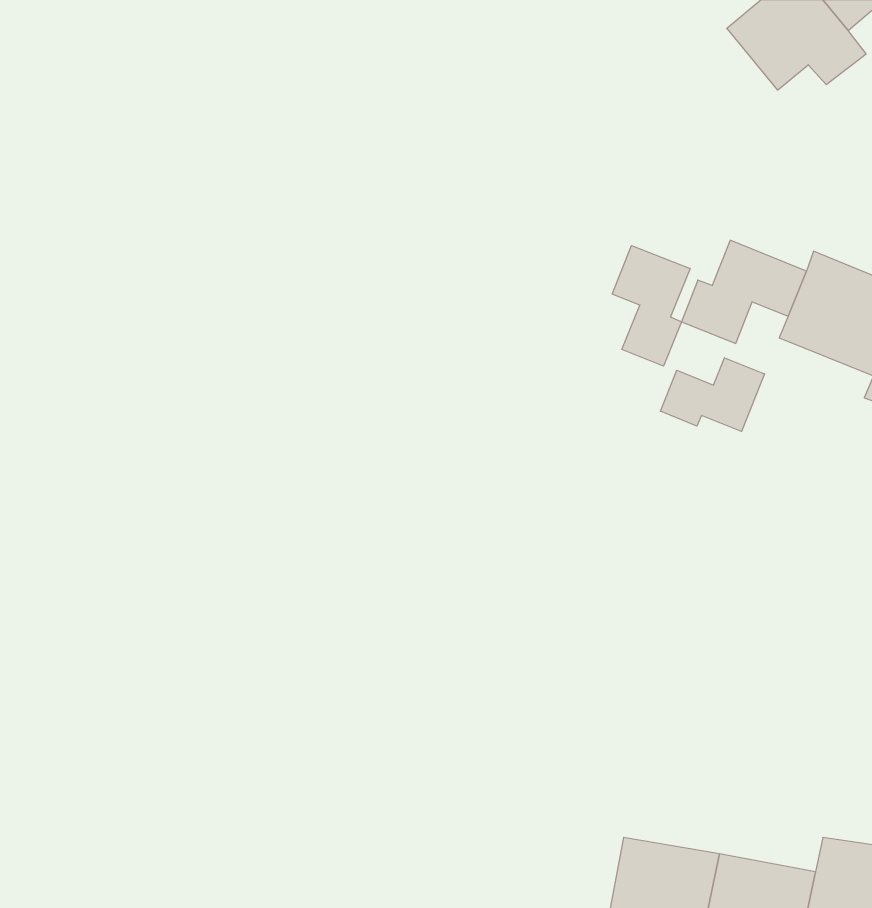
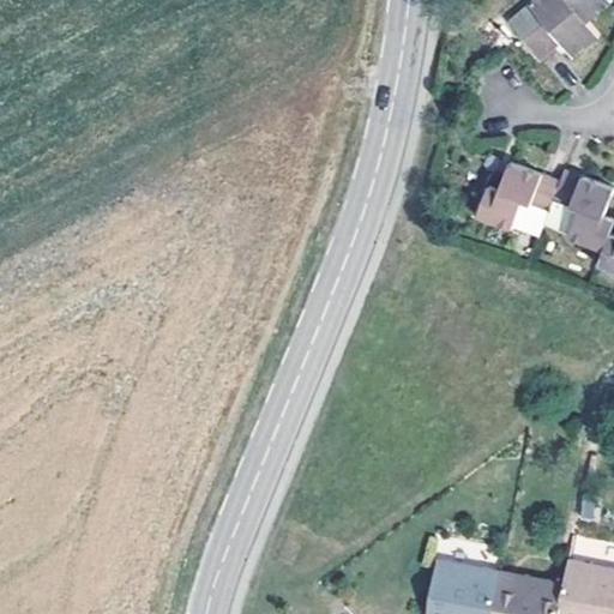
building: [612,246,690,366] -> none
building: [660,358,764,431] -> none

